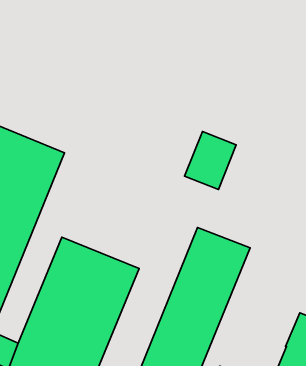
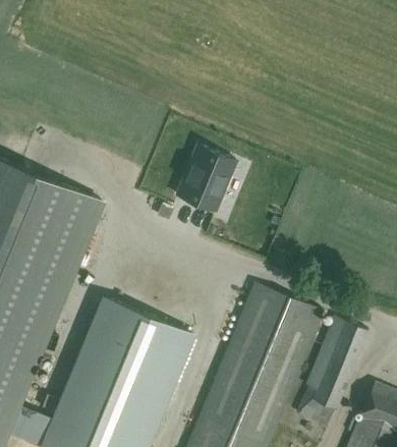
building: [185,132,236,189] -> [175,145,234,211]
building: none -> [296,319,368,429]

